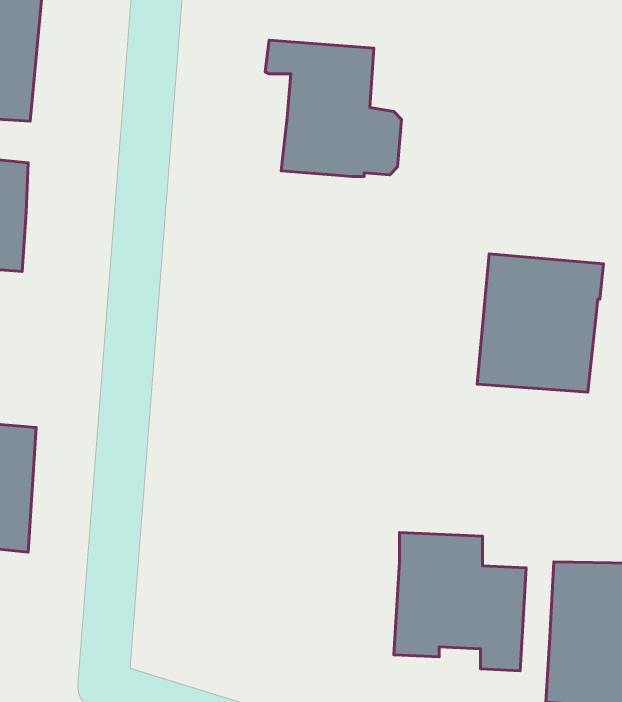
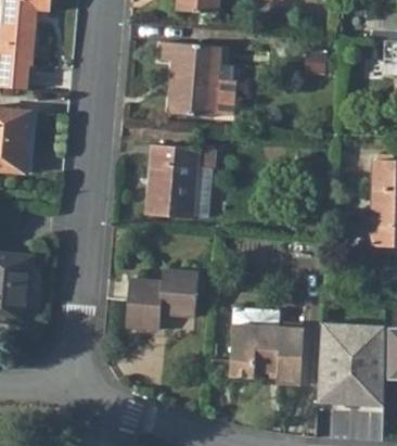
building: [477,254,604,392] -> [148,143,217,219]
building: none -> [128,269,200,329]

